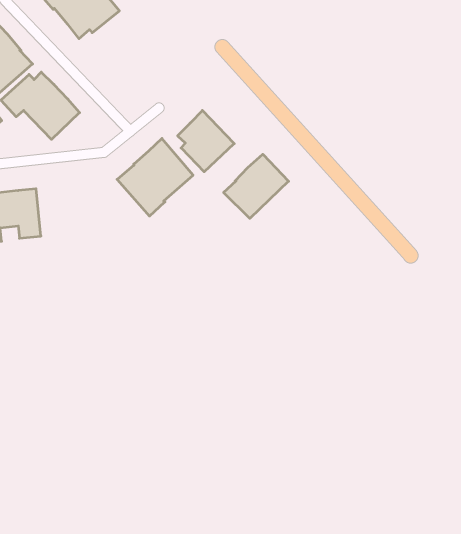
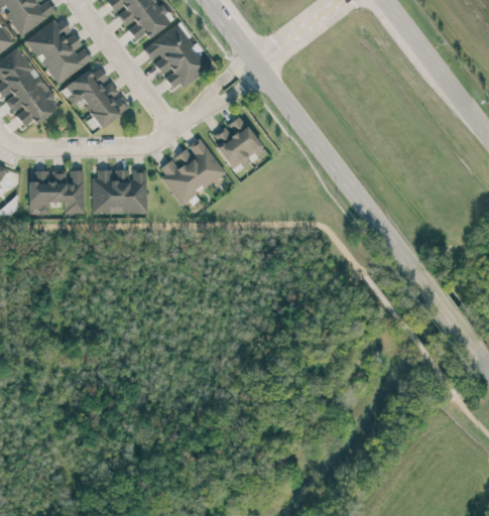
building: none -> [143,24,210,90]
building: [224,154,289,218] -> none
building: none -> [93,170,147,214]

